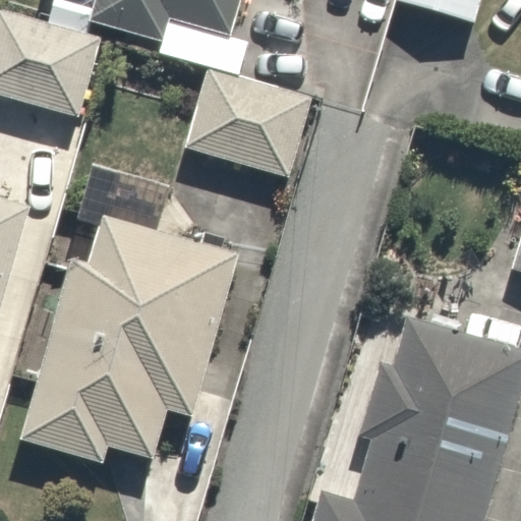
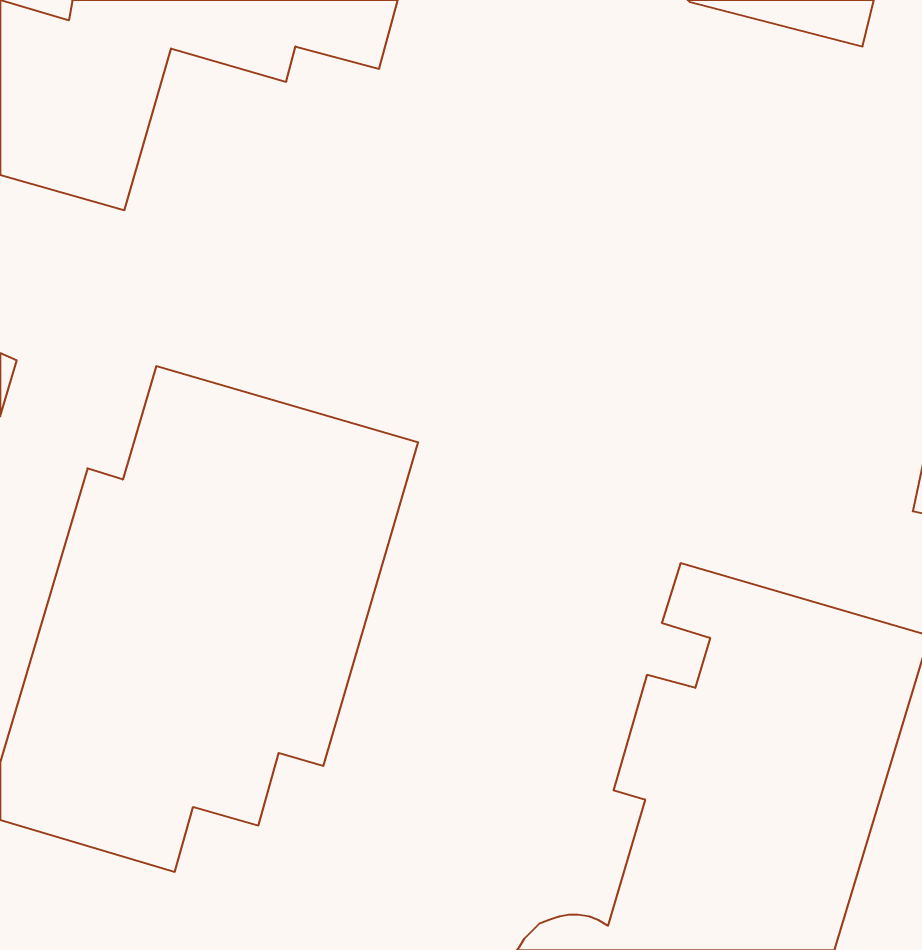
building: [189,63,317,177] -> none

